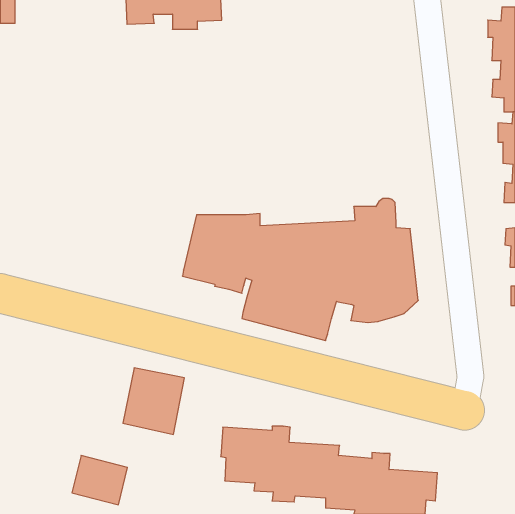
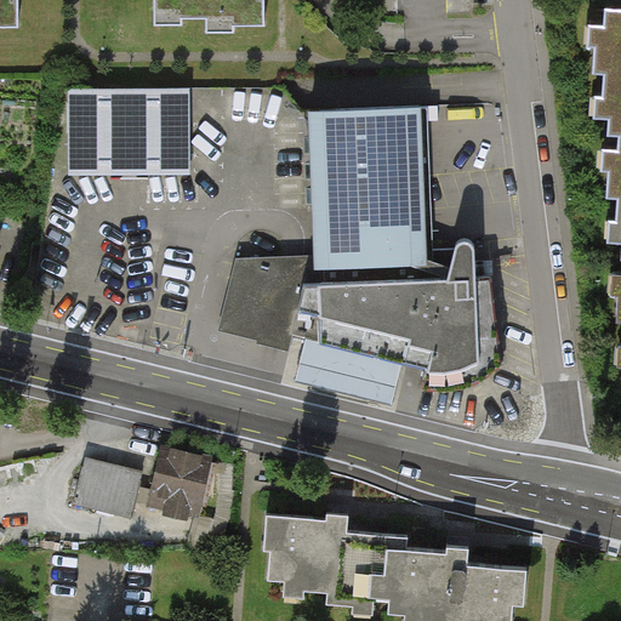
building: none -> [68,87,192,176]
building: none -> [306,103,427,272]
building: [72,455,127,505] -> [73,460,139,519]

